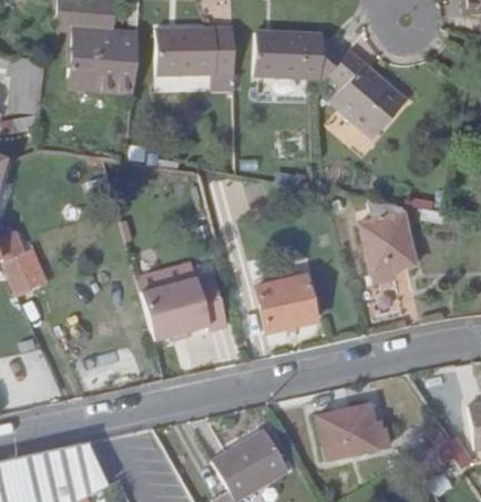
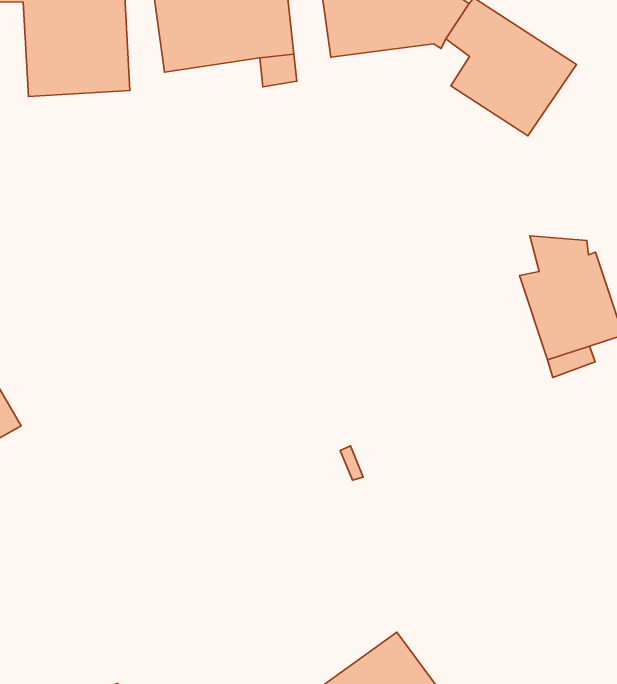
building: [143,275,229,340] -> none
building: [255,277,314,332] -> none
building: [314,406,376,462] -> none

